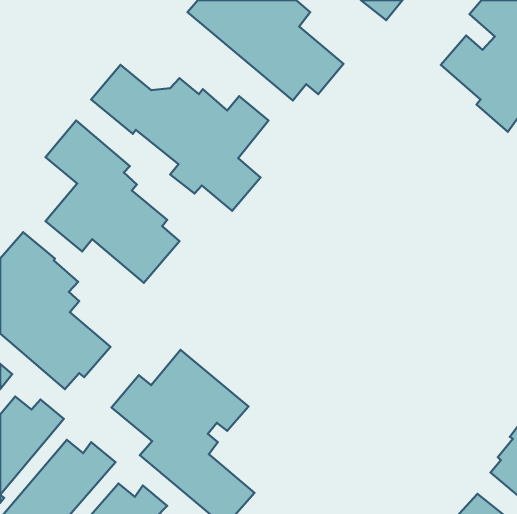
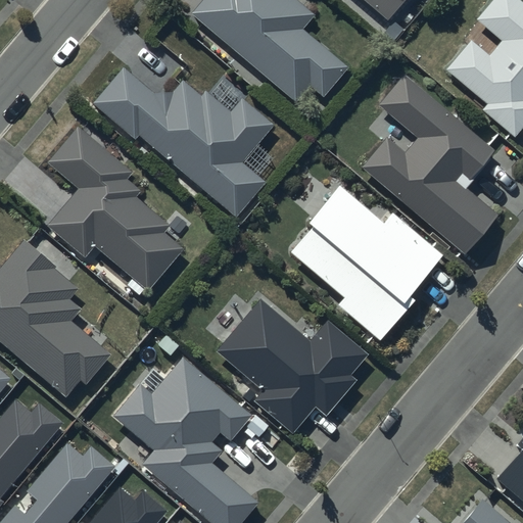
building: none -> [362,75,496,251]
building: none -> [290,182,442,339]
building: none -> [218,299,367,431]

